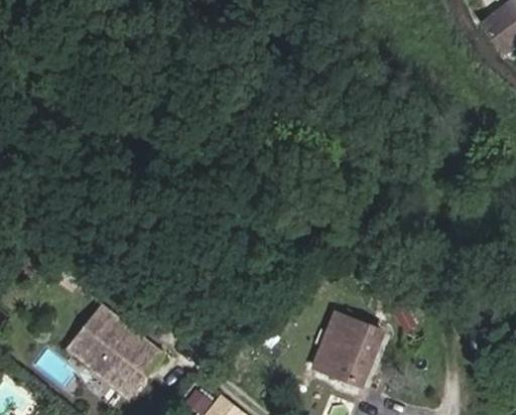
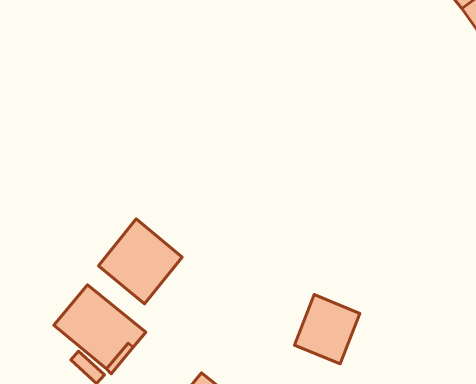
building: none -> [98,219,182,304]

